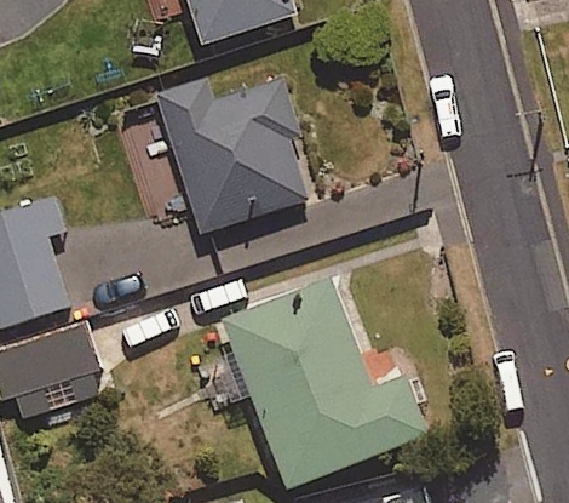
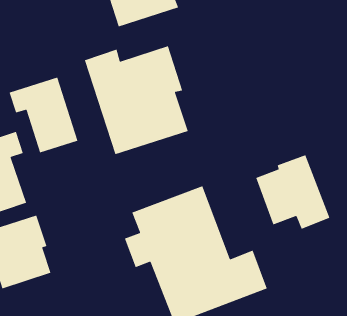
building: none -> [9,76,79,154]
building: none -> [255,154,330,230]

